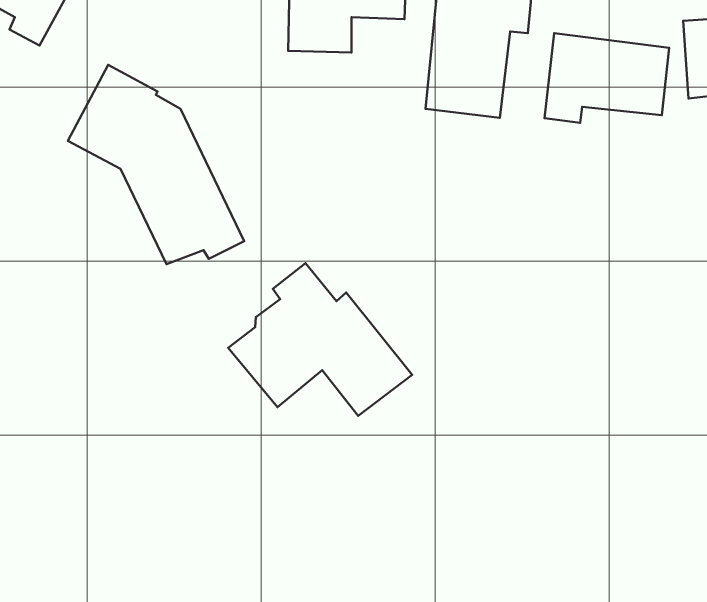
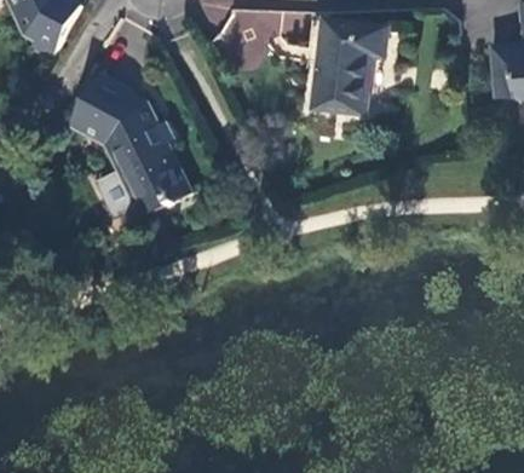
building: [545,33,669,123] -> none
building: [228,263,412,416] -> none

